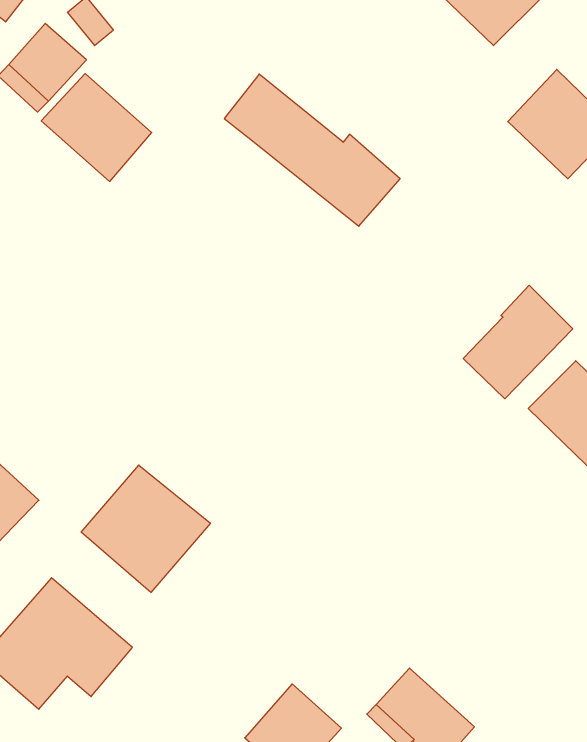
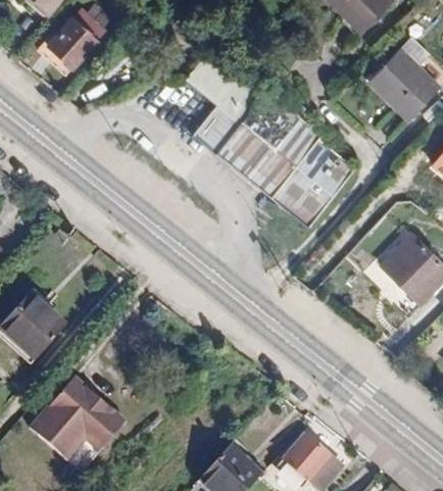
building: [41,74,152,181] -> none
building: none -> [179,95,346,222]
building: [463,285,573,399] -> none
building: [81,465,210,592] -> none

